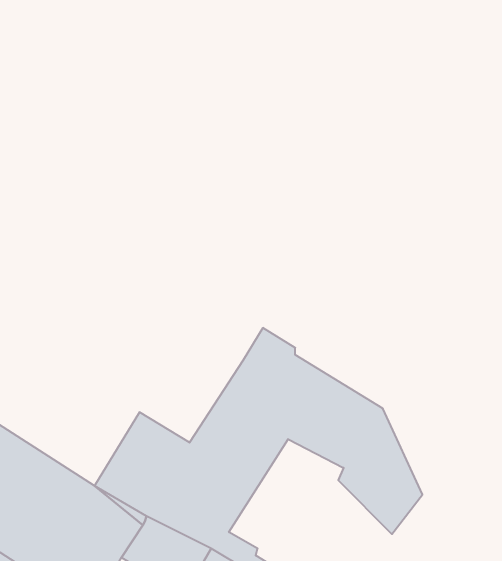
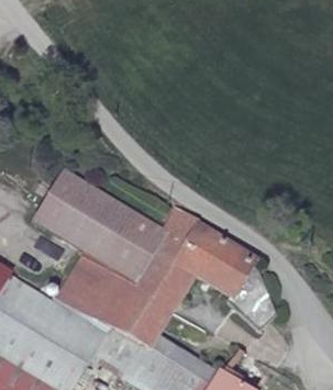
building: none -> [35,168,164,281]

